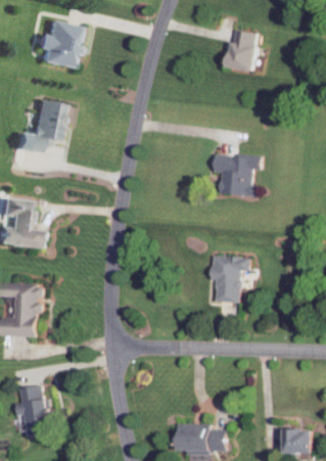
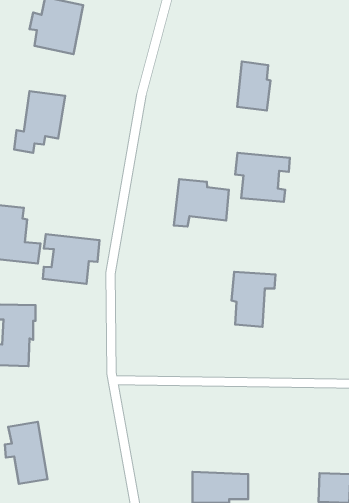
building: [229,29,258,71] -> [237,62,270,110]
building: none -> [174,179,229,227]
building: none -> [43,234,99,284]

